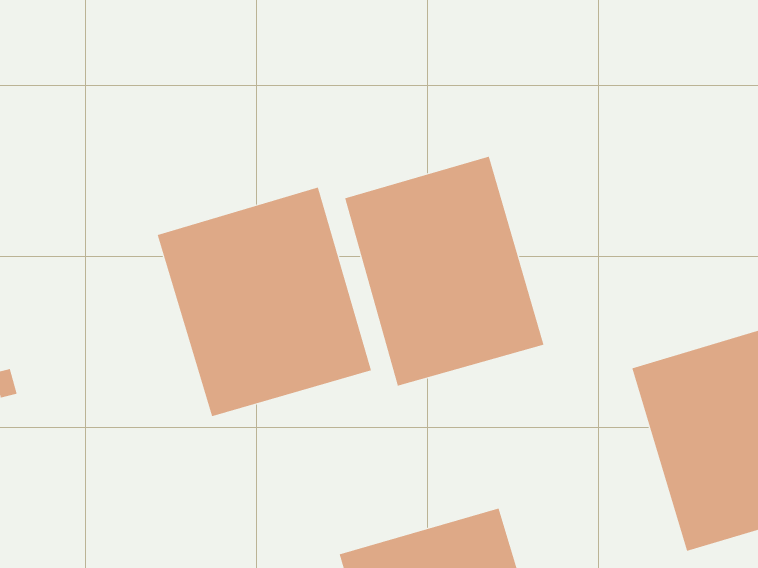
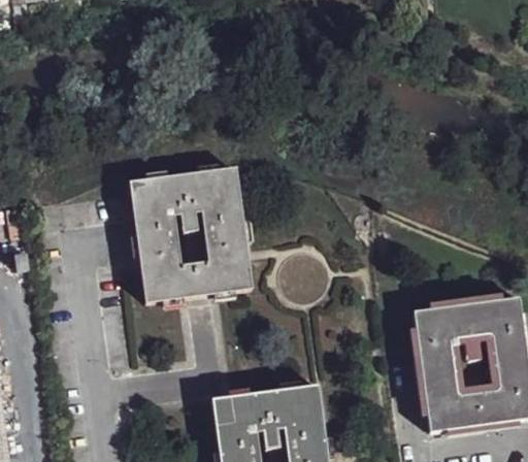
building: [345,156,544,386] -> none

